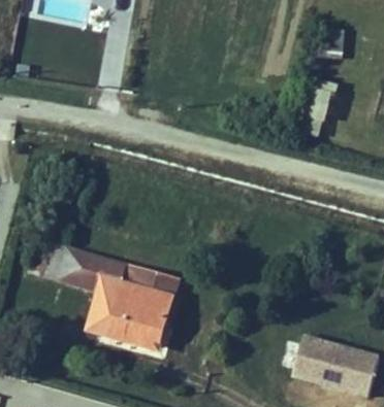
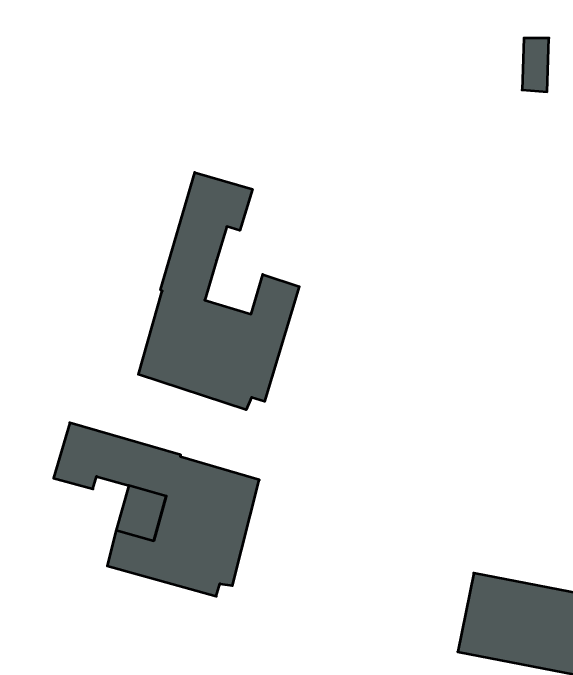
building: [306,77,333,125] -> none
building: none -> [138,172,299,410]

